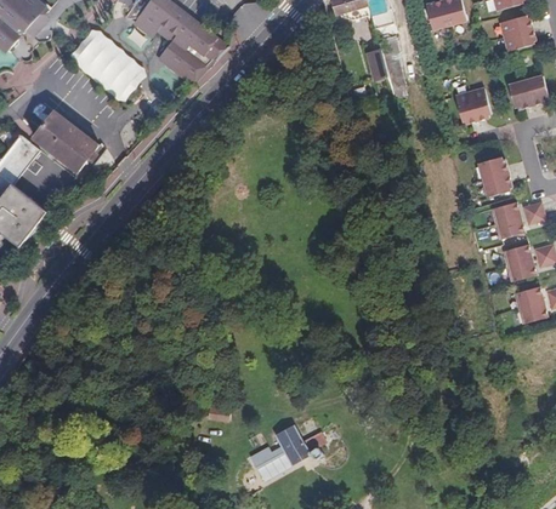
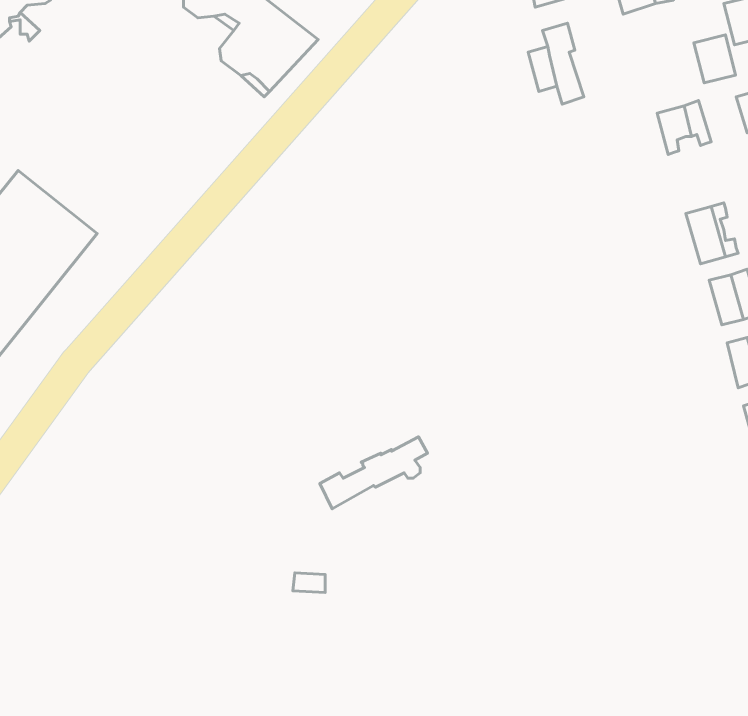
building: [70,27,151,97] -> none
building: none -> [694,35,735,83]
building: [35,109,101,171] -> none
building: [255,429,328,477] -> [320,437,427,509]

